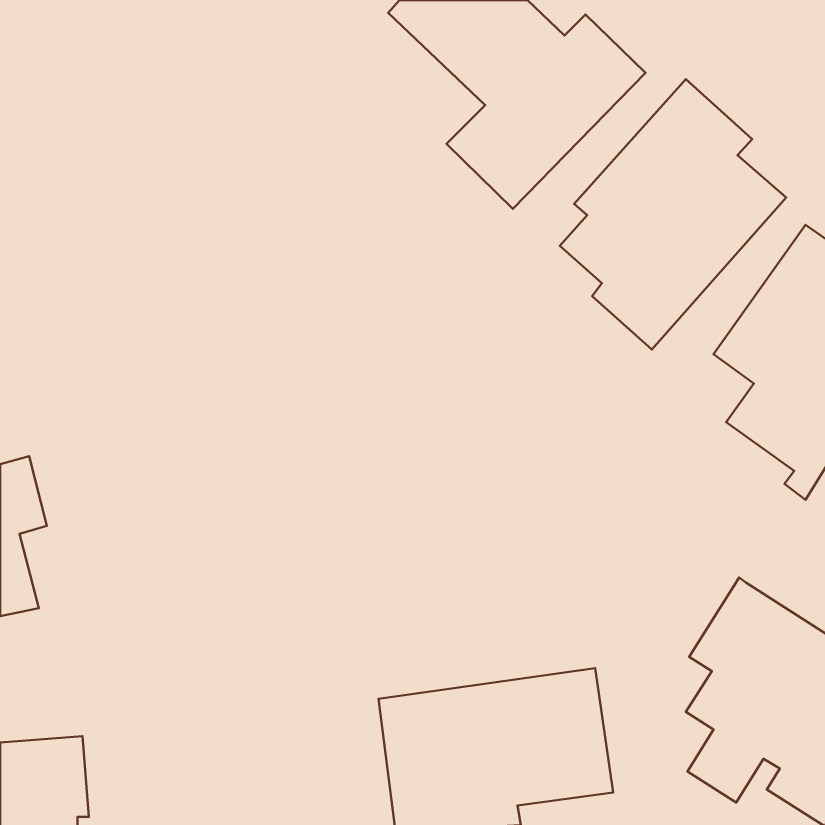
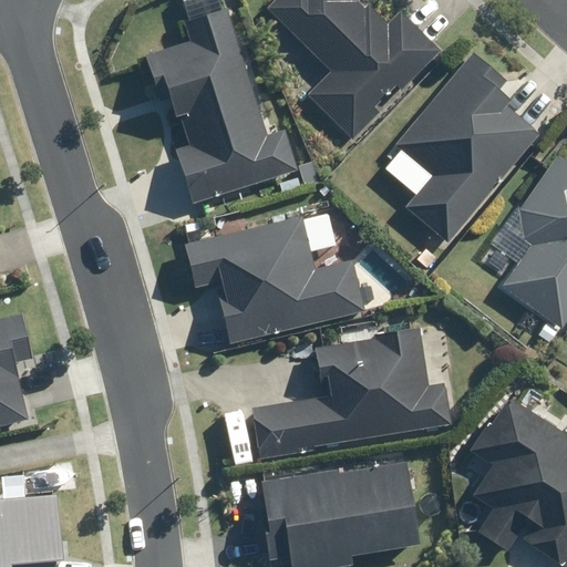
building: none -> [145,10,298,203]
building: none -> [184,216,364,342]
building: none -> [250,327,453,454]

